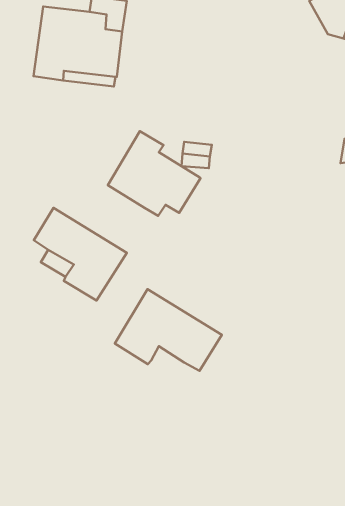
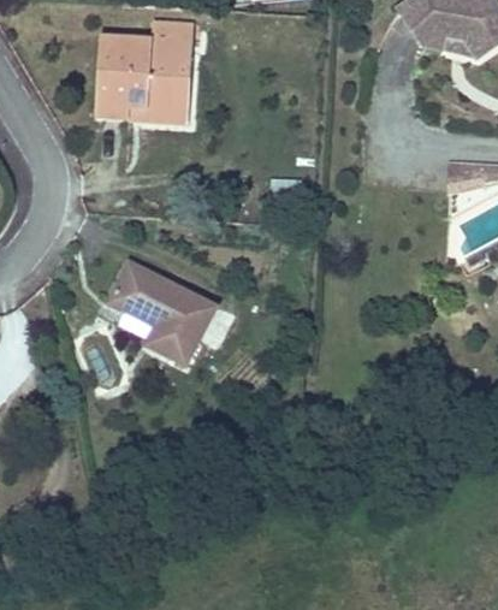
building: [108,131,201,216] -> none
building: [115,289,222,371] -> none

